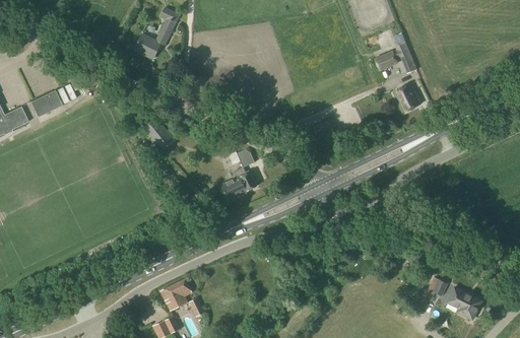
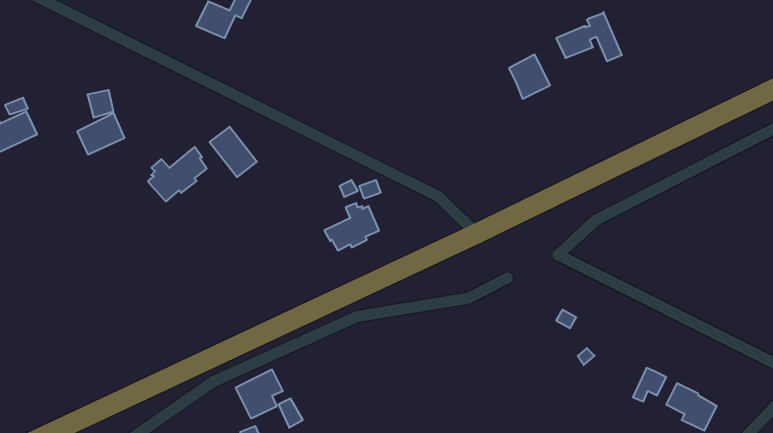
building: [393,83,420,113] -> [509,55,550,99]
building: [30,89,62,117] -> [77,113,125,155]
building: none -> [148,147,207,201]

